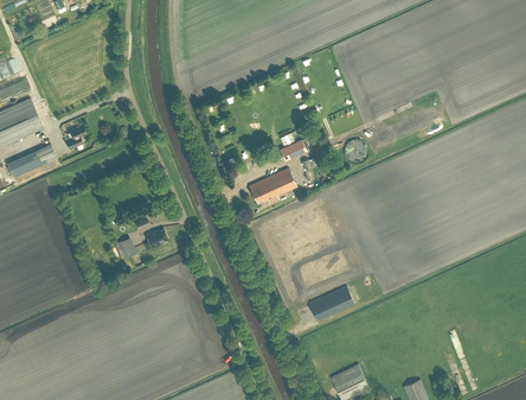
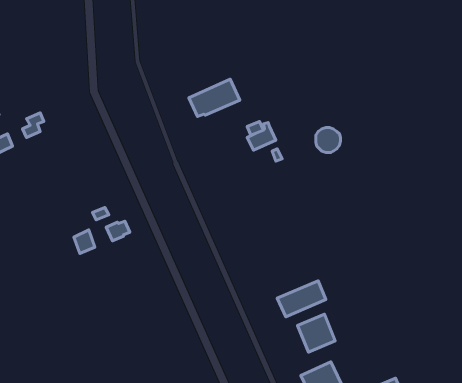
building: [249,167,297,203] -> [189,79,240,116]
building: none -> [298,314,335,352]

